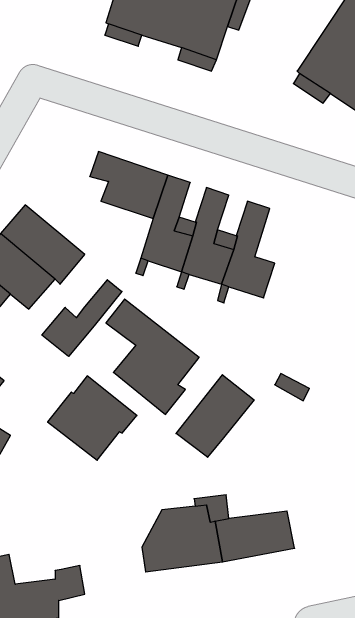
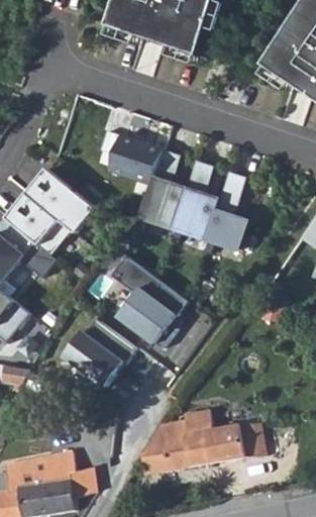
building: [42,280,122,356] -> none
building: [176,375,254,457] -> none
building: none -> [30,449,73,482]

